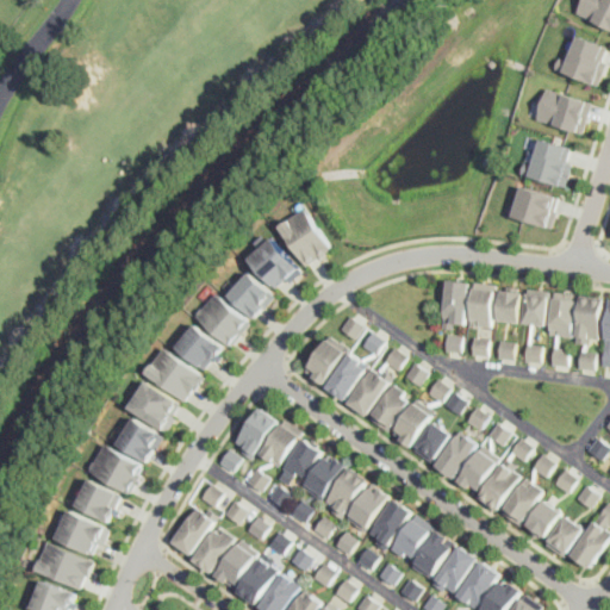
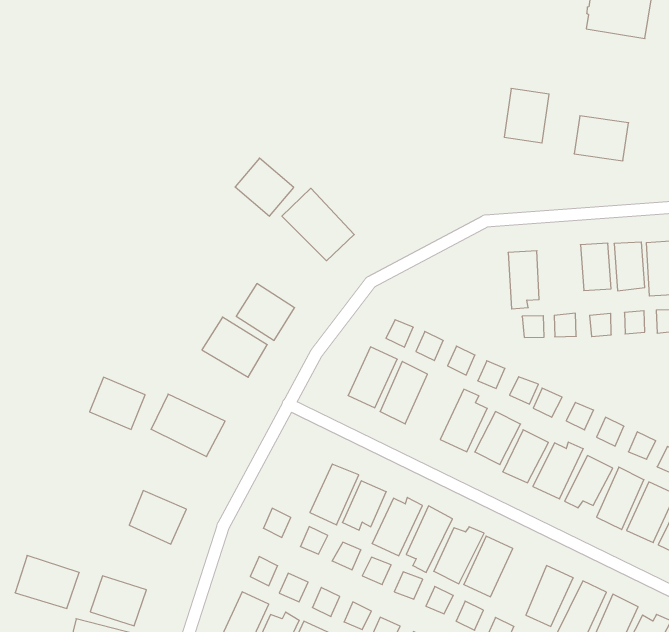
building: [528,139,568,186] -> [504,88,549,143]
building: [250,241,295,287] -> [235,158,294,216]
building: [467,284,494,328] -> none
building: [178,325,224,372] -> none
building: [346,369,388,417] -> none
building: [130,385,175,429] -> [90,377,145,429]
building: [235,409,275,460] -> none
building: [88,444,141,491] -> [15,555,79,608]
building: [387,516,430,564] -> none

